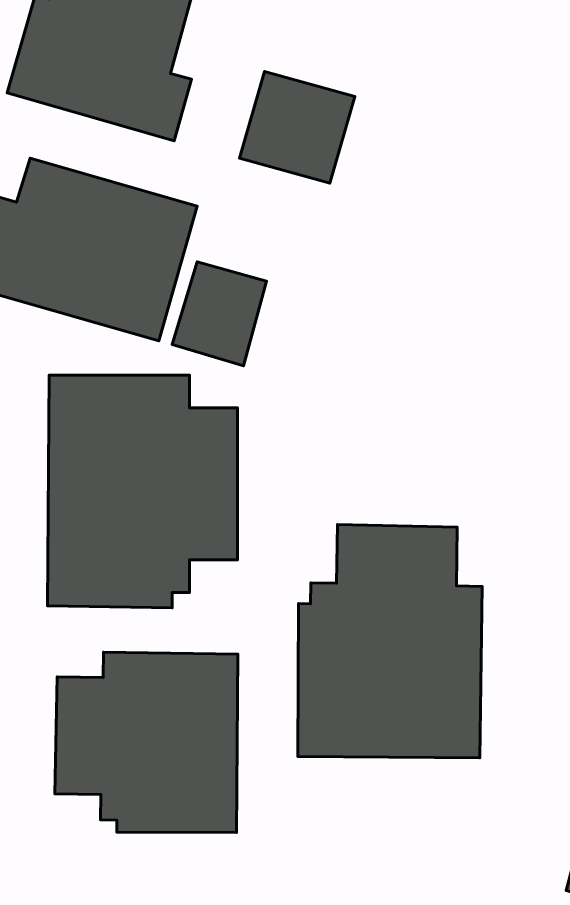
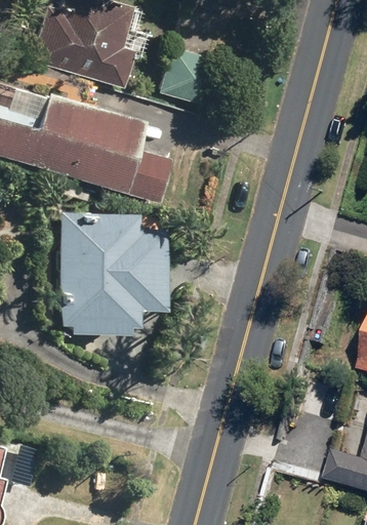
building: [298,525,482,758] -> none
building: [55,652,238,832] -> none

